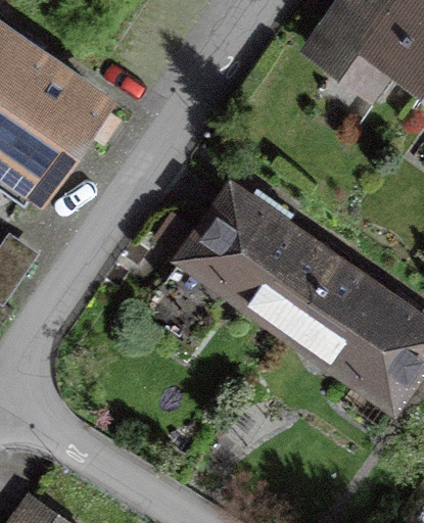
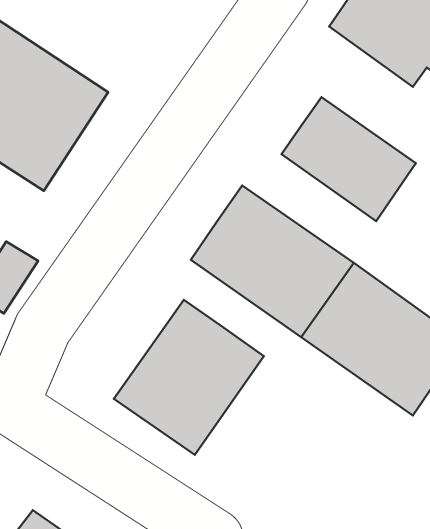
building: none -> [281,97,416,221]
building: none -> [114,300,264,455]

